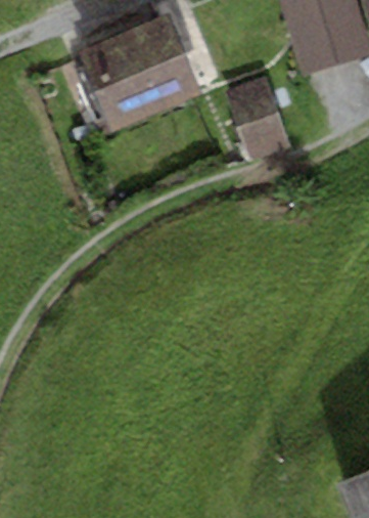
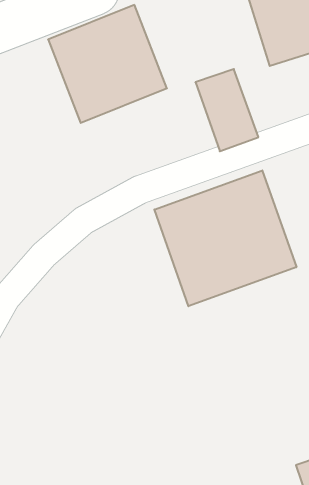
building: none -> [154,170,296,306]

